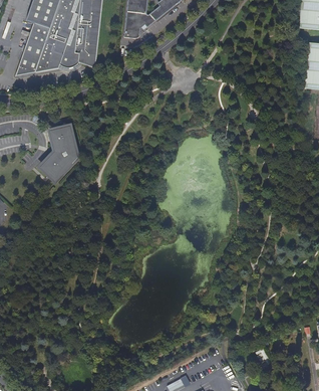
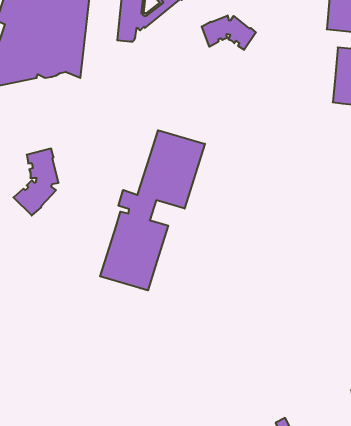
building: none -> [202,15,256,50]
building: none -> [100,130,205,290]

